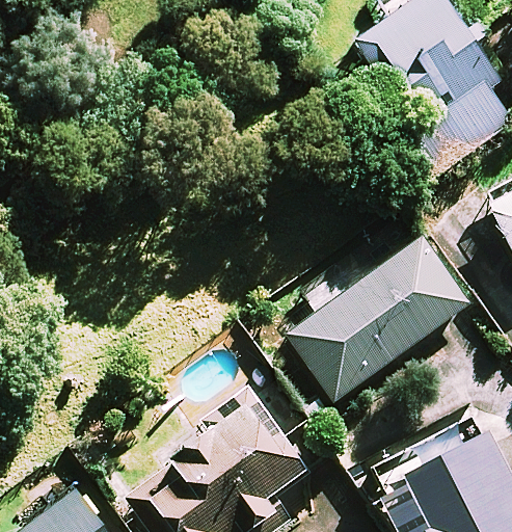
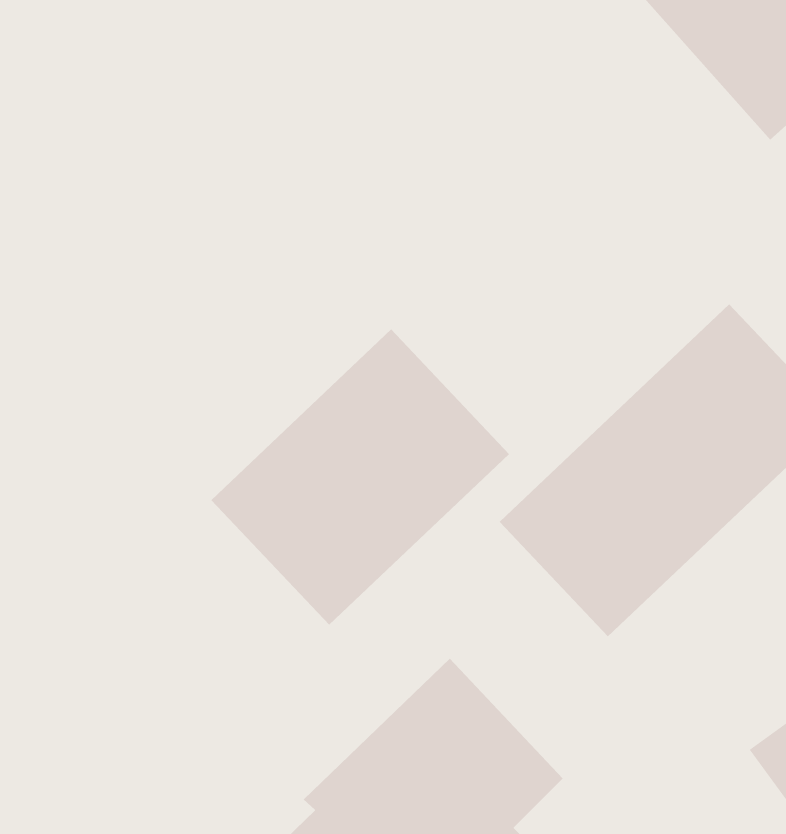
building: none -> [210,329,510,625]

